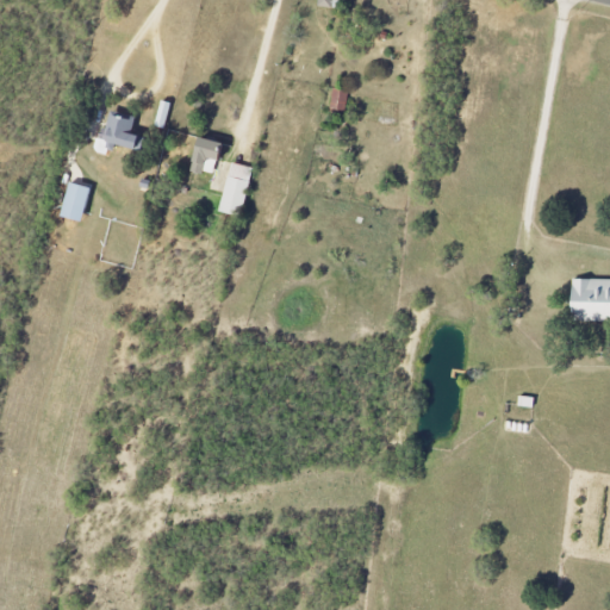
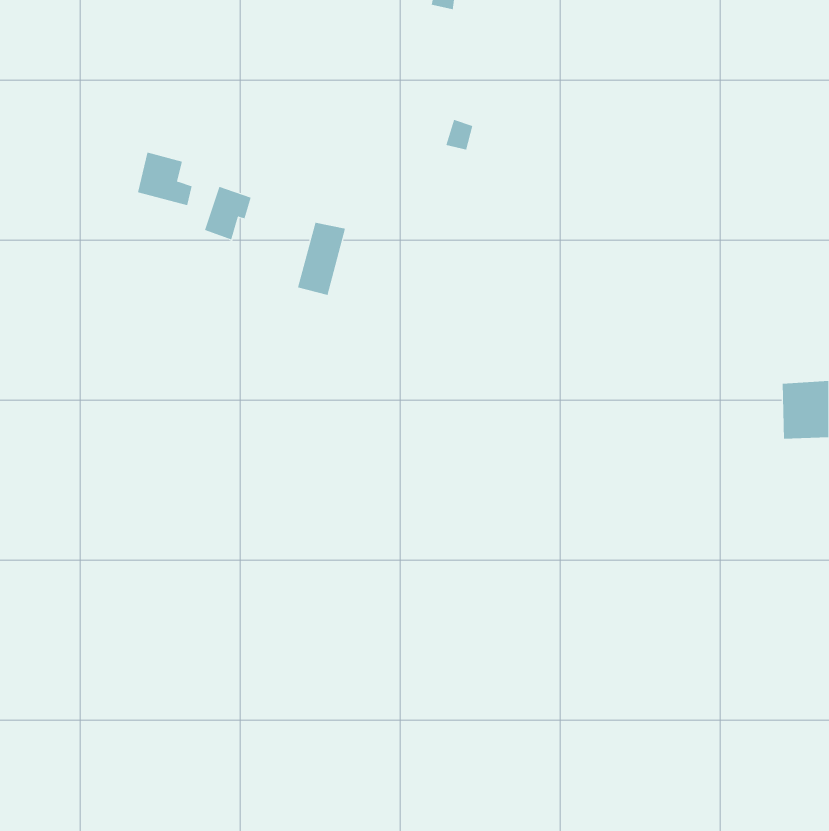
building: [189,136,224,175] -> [204,186,252,240]
building: [60,181,89,220] -> none

